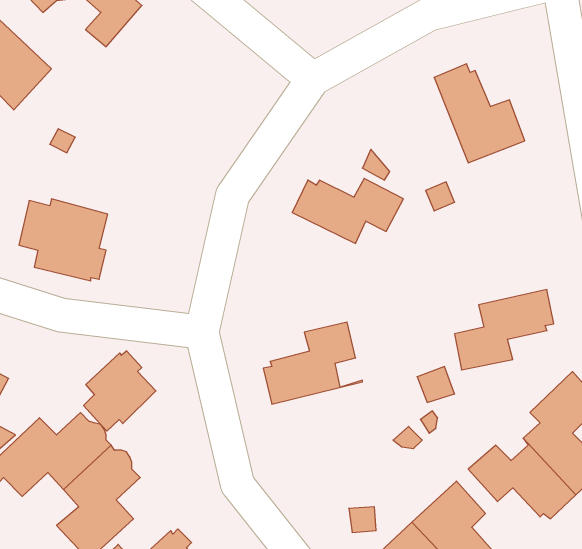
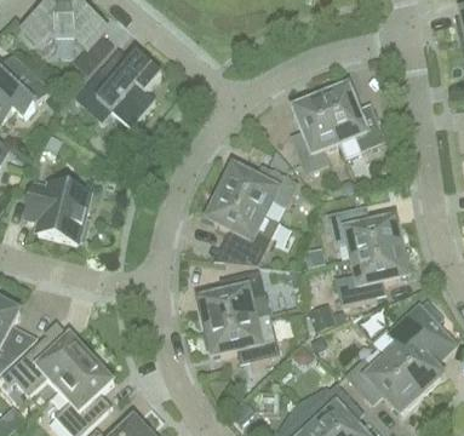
building: none -> [75,48,161,125]
building: none -> [293,94,345,171]
building: none -> [210,190,271,263]
building: none -> [326,205,401,256]
building: [84,351,156,431] -> none
building: none -> [206,310,280,358]

